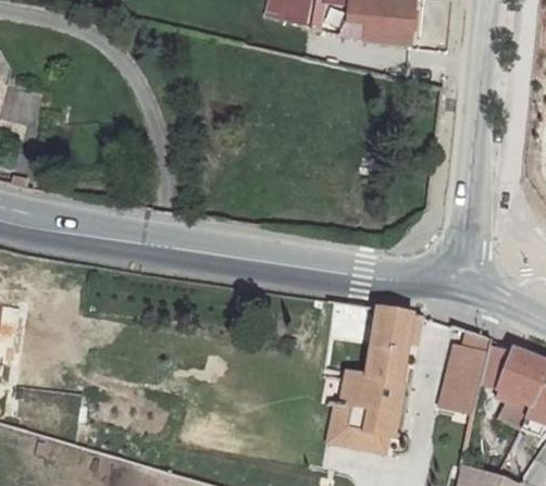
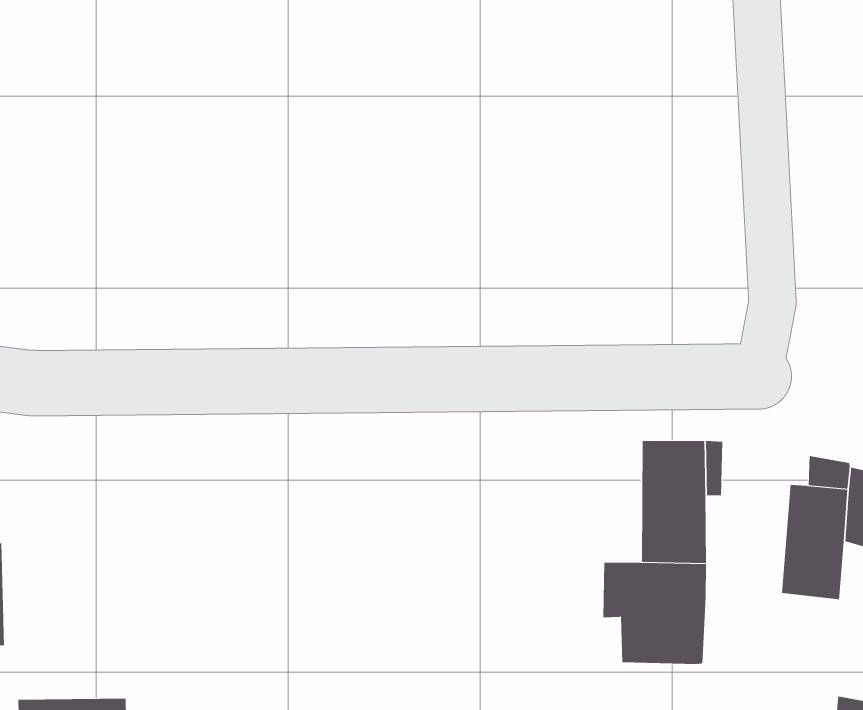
building: [328,402,388,452] -> none

